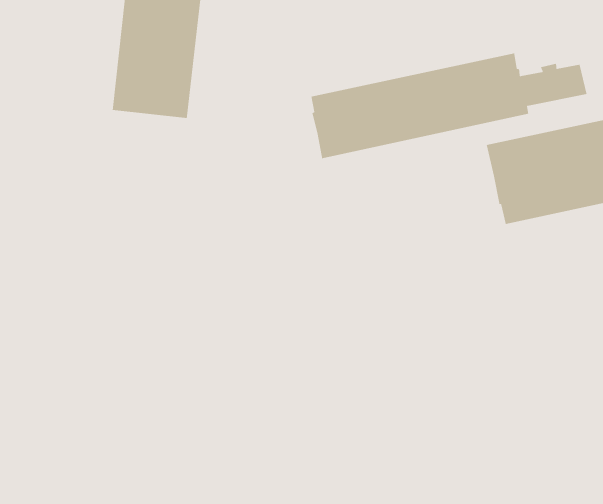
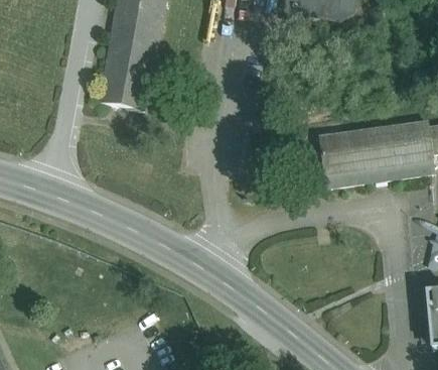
building: [311,53,587,159] -> none

